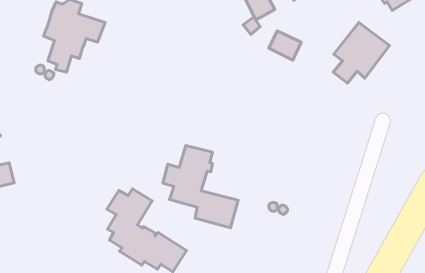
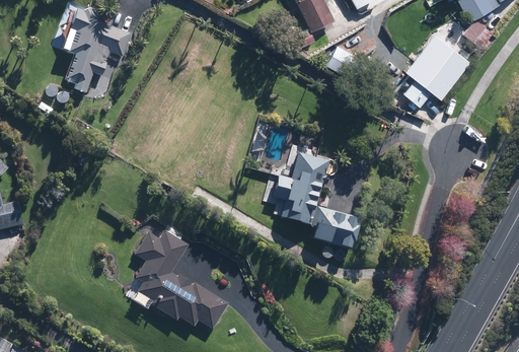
building: none -> [463,19,494,49]
building: [163,145,238,228] -> [271,153,360,251]

